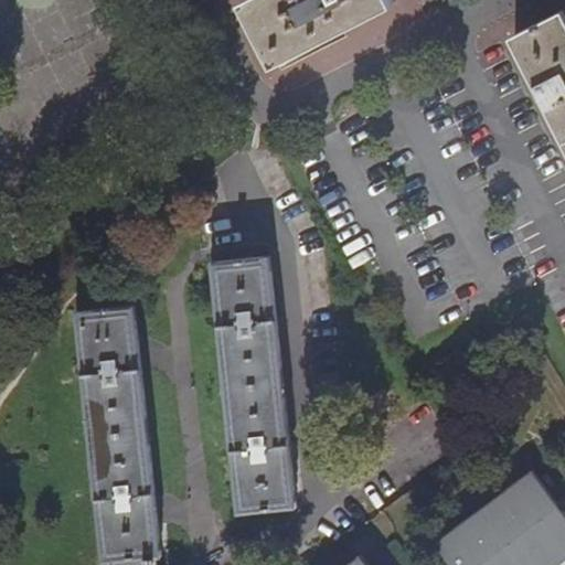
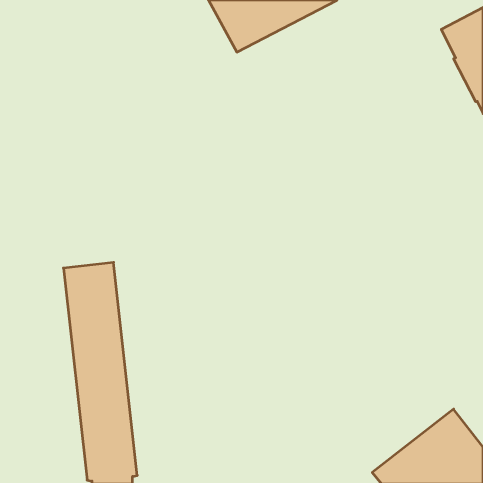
building: [210,257,295,512] -> none

